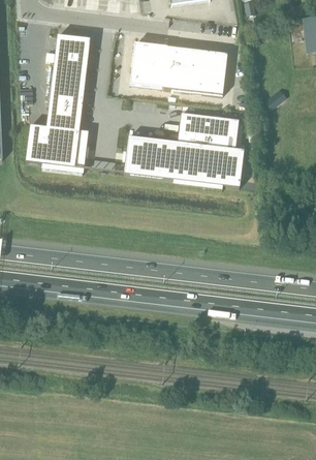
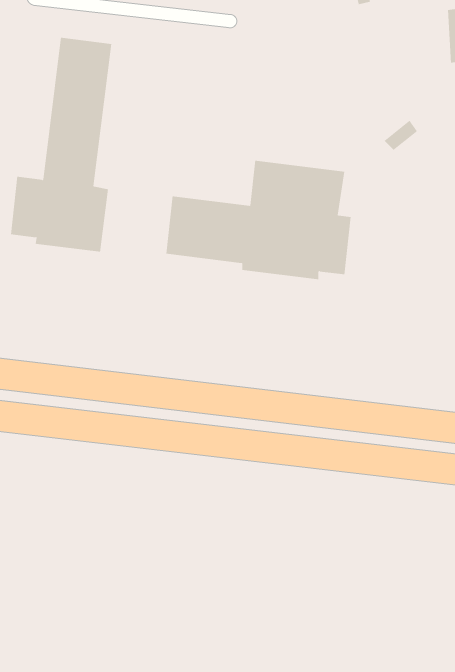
building: [129,41,227,94] -> none

